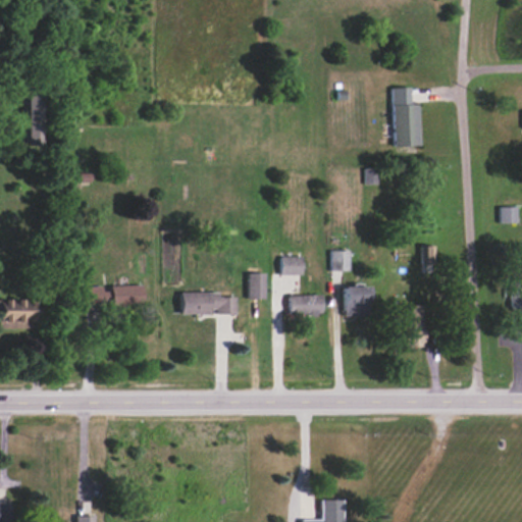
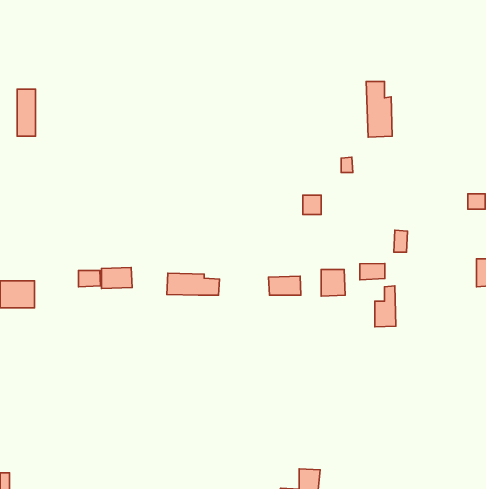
building: [332,251,352,271] -> [303,195,321,214]
building: [281,257,304,275] -> none
building: [249,273,267,300] -> none
building: none -> [360,263,385,280]

